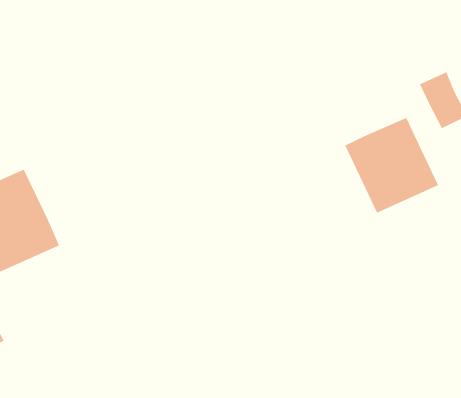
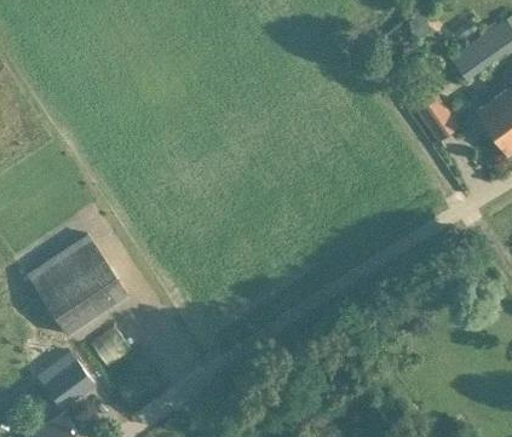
building: [345,117,439,213] -> none

